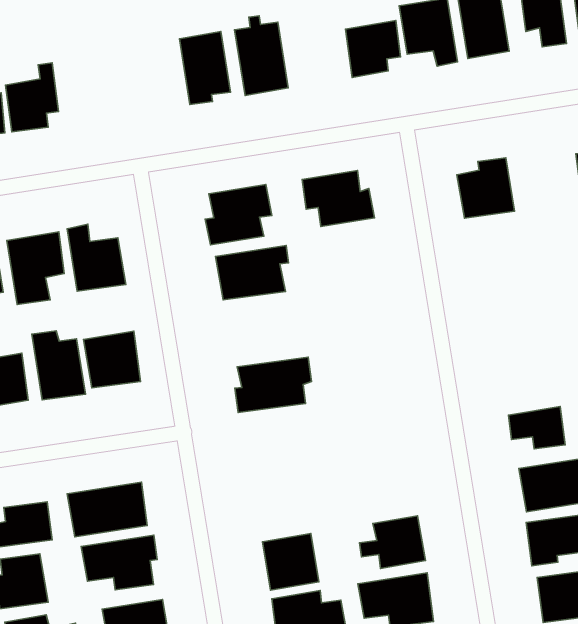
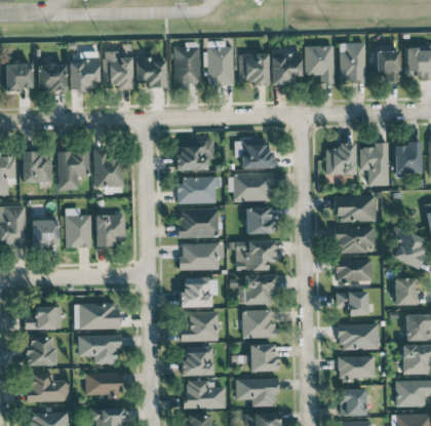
building: none -> [238,53,269,85]
building: none -> [104,51,132,88]
building: none -> [136,59,166,87]
building: none -> [360,143,389,186]
building: none -> [229,172,273,202]
building: none -> [337,196,377,222]
building: none -> [246,207,273,234]
building: none -> [336,227,376,254]
building: none -> [180,208,219,238]
building: none -> [230,240,275,270]
building: none -> [337,260,373,282]
building: none -> [245,274,275,305]
building: none -> [180,278,218,307]
building: none -> [243,310,277,339]
building: none -> [181,312,219,342]

